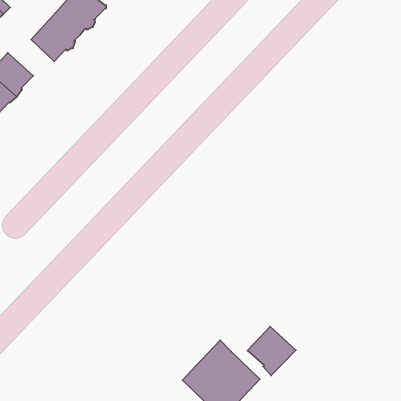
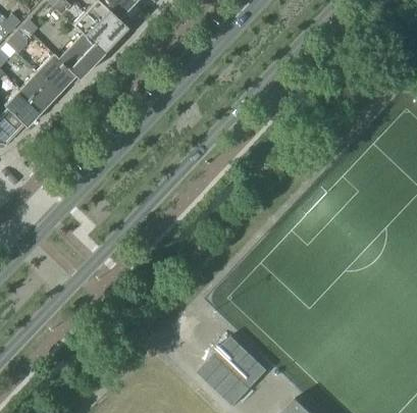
building: none -> [35,55,77,93]
building: [248,326,296,376] -> none

